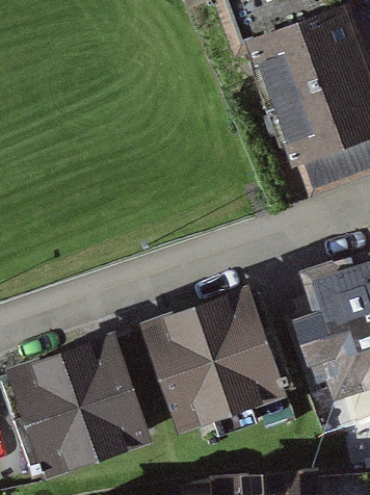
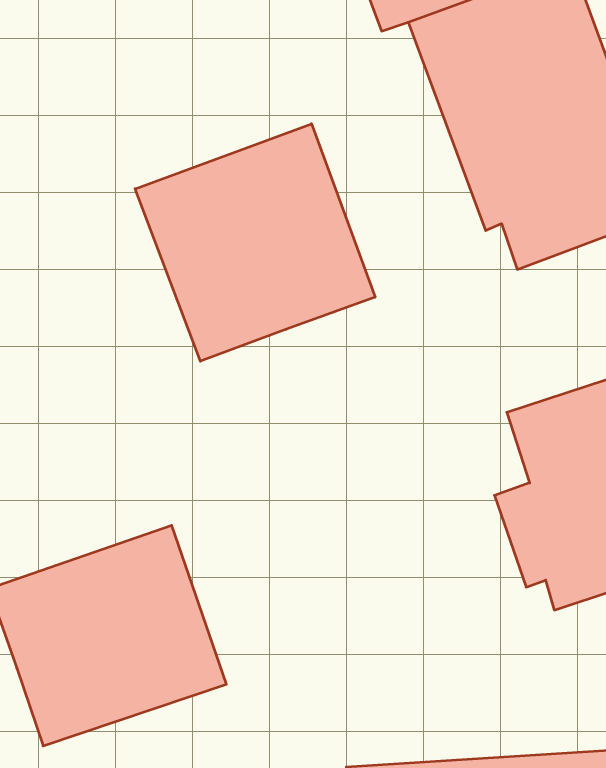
building: none -> [135,124,375,361]
building: [149,295,289,427] -> none

